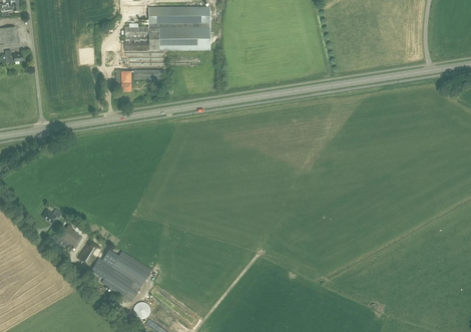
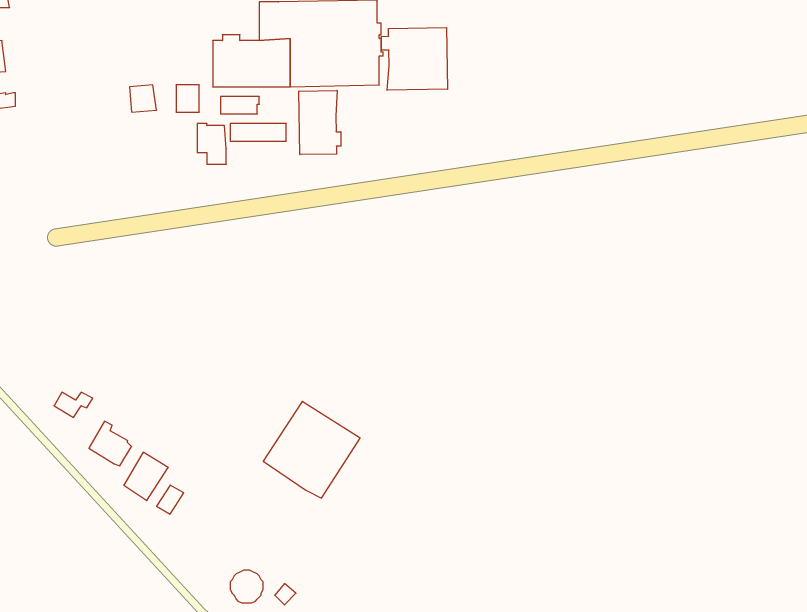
building: none -> [381,28,448,90]
building: none -> [299,90,341,155]
building: [100,251,150,301] -> [263,401,360,498]

